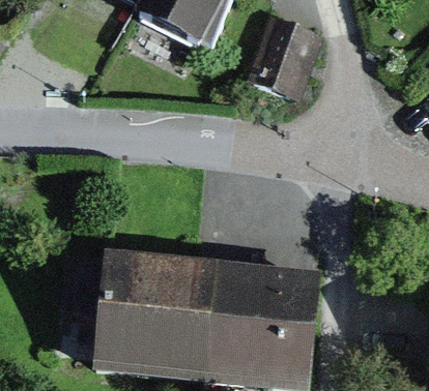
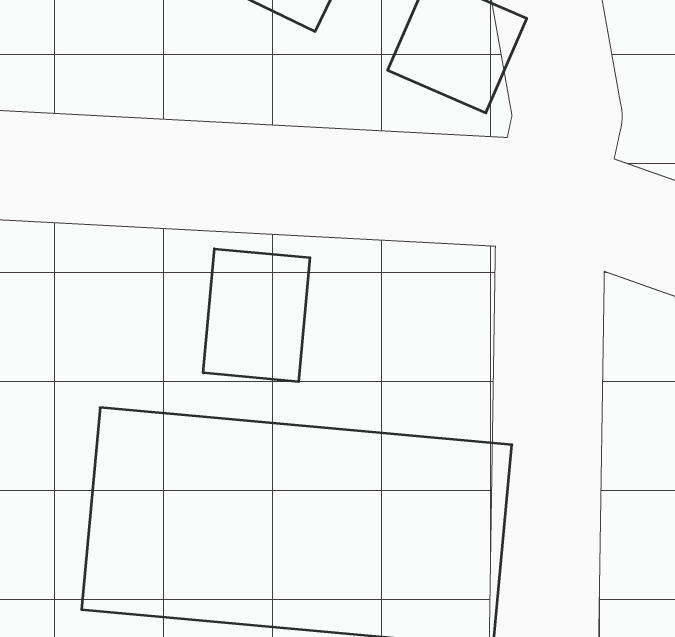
building: none -> [203,249,310,382]

